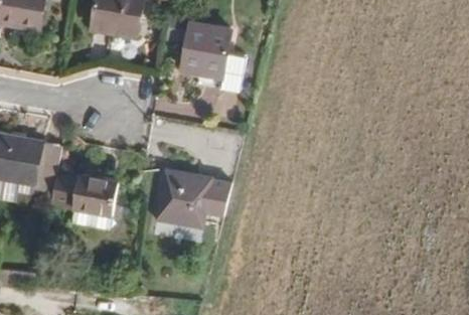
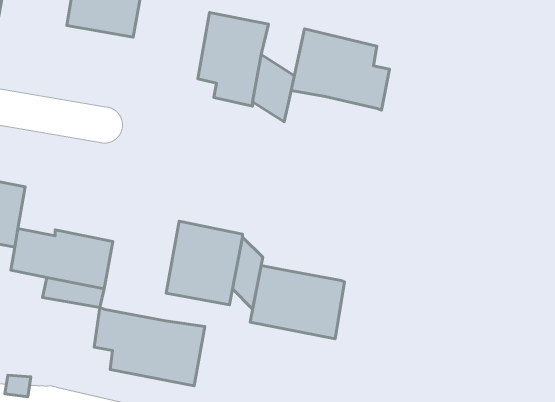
building: none -> [291,29,389,110]
building: none -> [250,266,344,339]
building: none -> [94,308,205,386]

